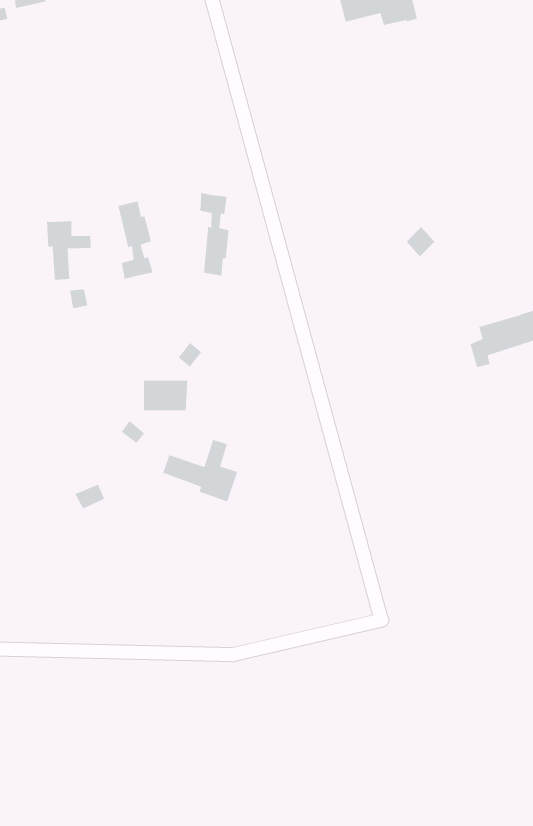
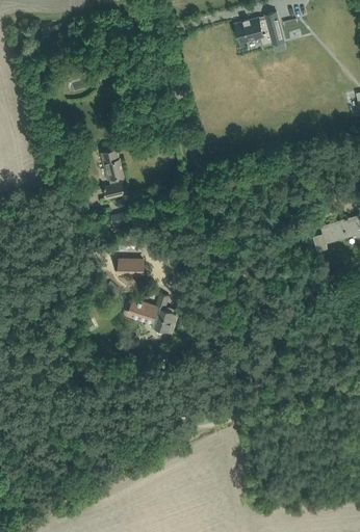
building: [200,192,230,276] -> none
building: [46,221,92,281] -> none

